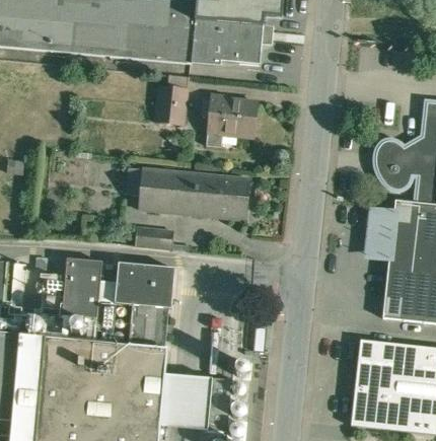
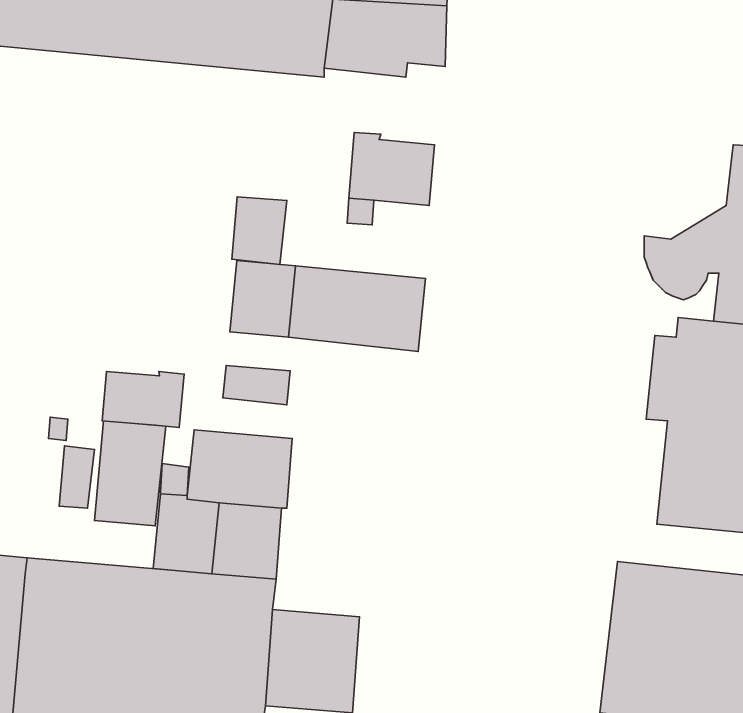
building: [154,86,186,125] -> [232,197,287,265]
building: none -> [102,371,184,428]

